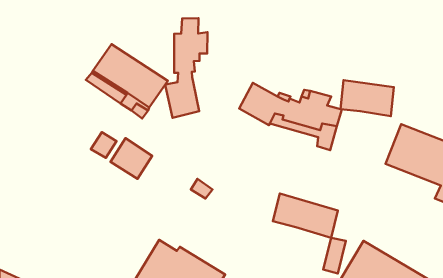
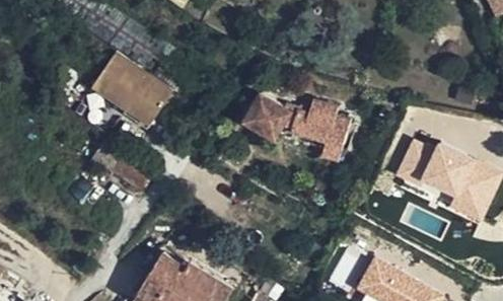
building: [165,18,207,118] -> none
building: [340,80,394,116] -> none
building: [273,194,338,238] -> none

